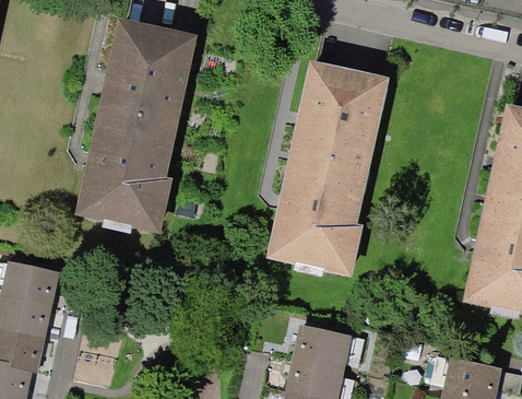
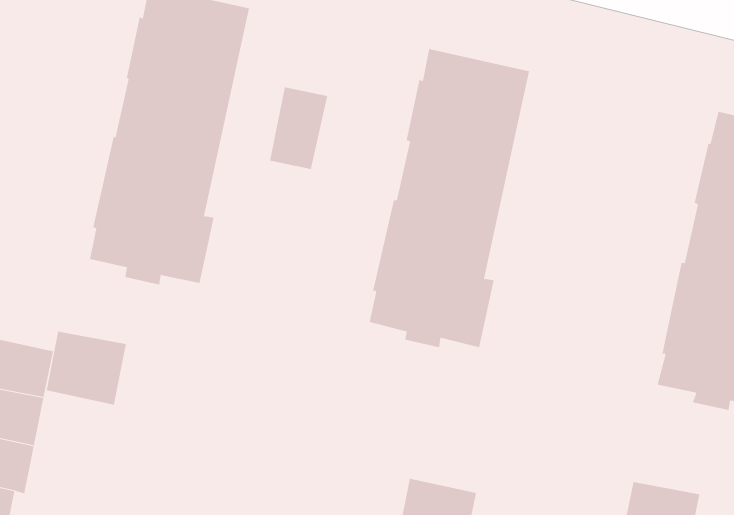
building: none -> [269,86,328,170]
building: none -> [46,331,127,405]
building: [299,326,352,368] -> none

